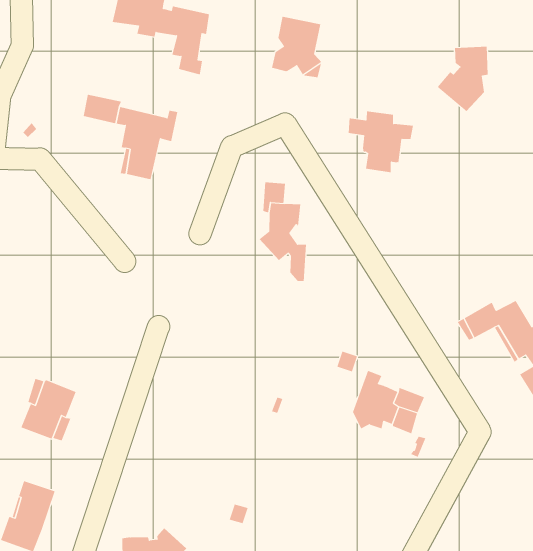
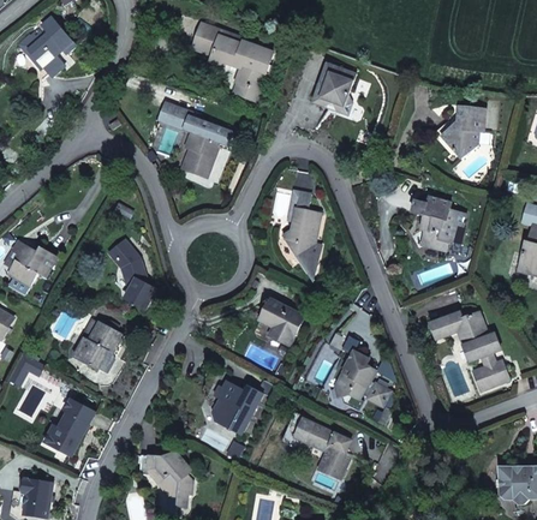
building: [348,111,414,173] -> [411,197,464,249]
building: none -> [108,240,155,309]
building: none -> [259,299,303,345]
building: none -> [211,378,274,435]
building: none -> [294,418,351,479]

